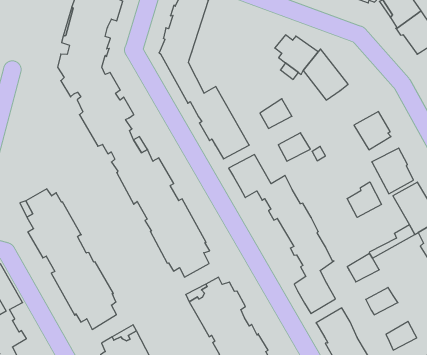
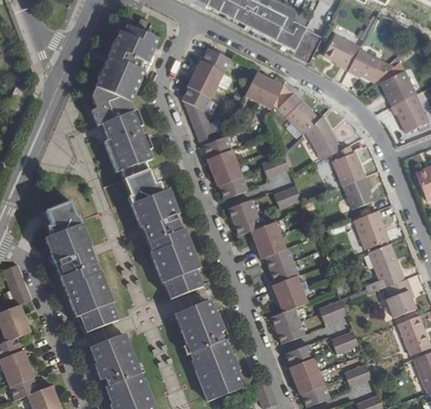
building: none -> [245,72,283,108]
building: none -> [333,144,367,186]
building: [347,182,381,217] -> none

